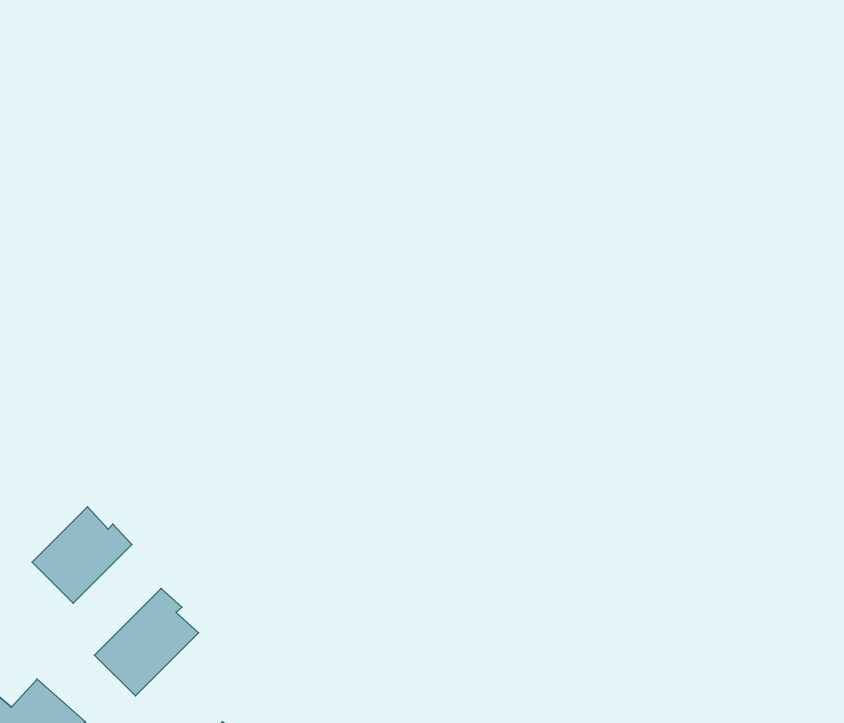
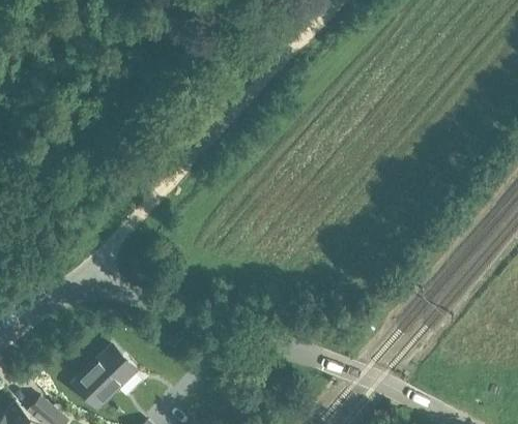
building: [32,507,132,603] -> none

